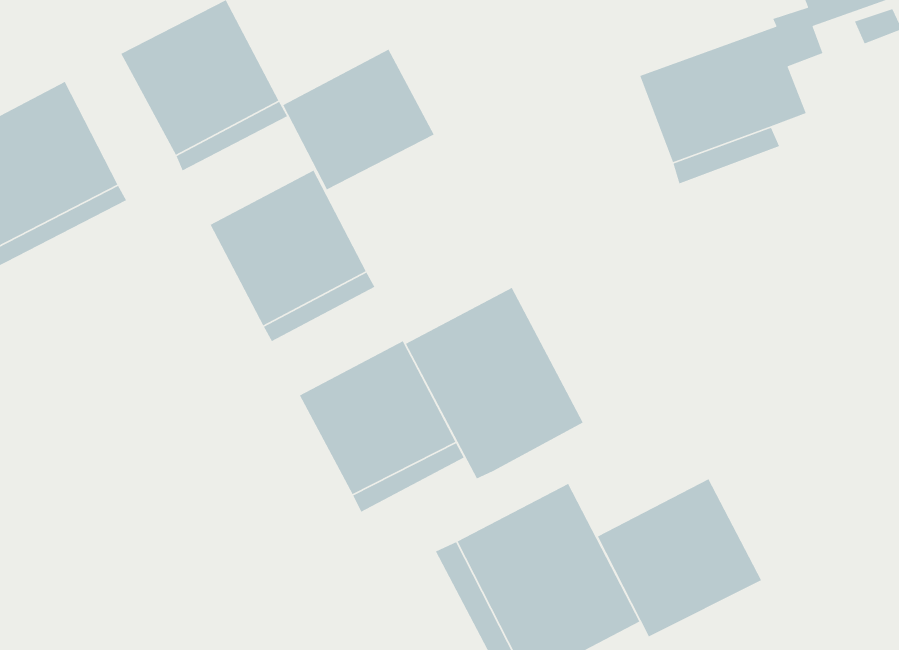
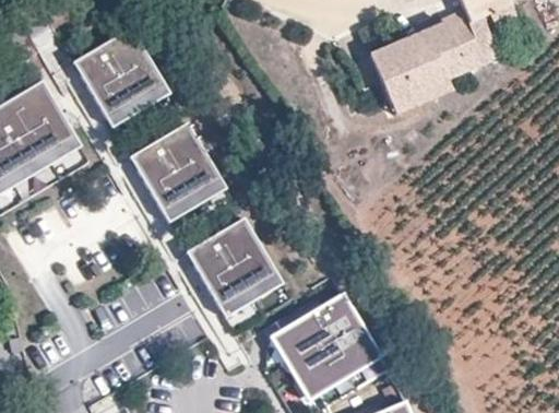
building: [282,49,435,190] -> none
building: [405,287,584,480] -> none
building: [597,478,762,638] -> none

